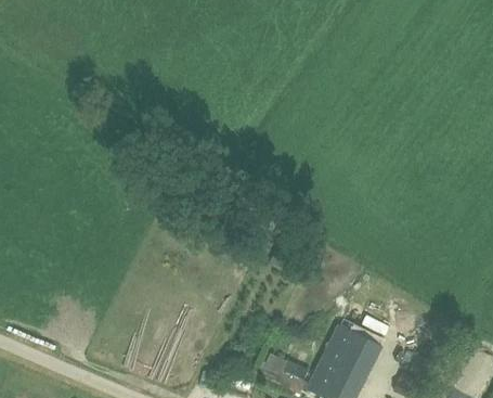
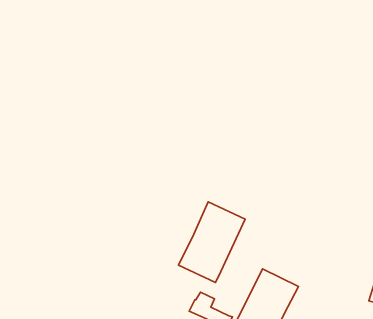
building: none -> [179,202,245,283]

